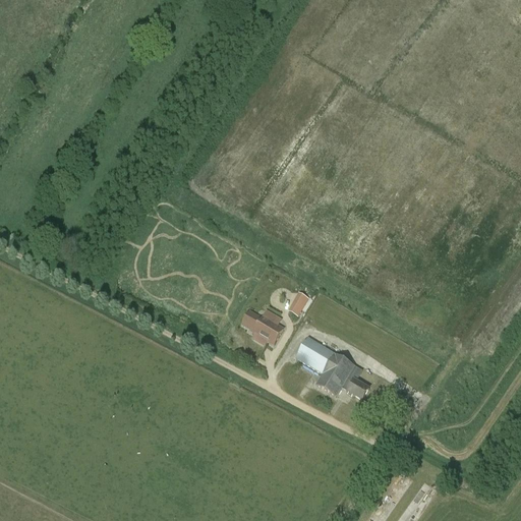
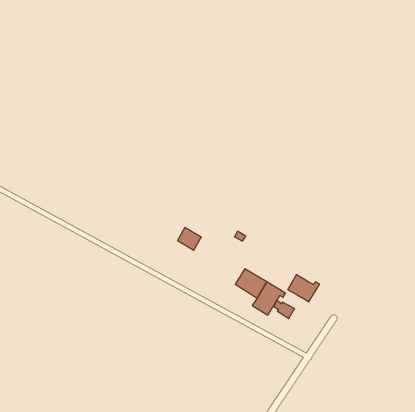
building: [252,314,282,343] -> [178,227,201,250]
building: none -> [288,275,319,302]

